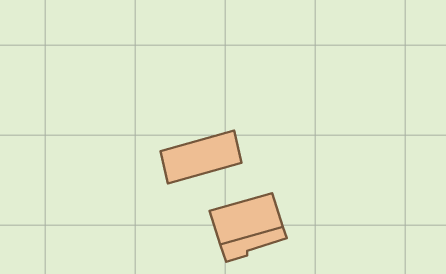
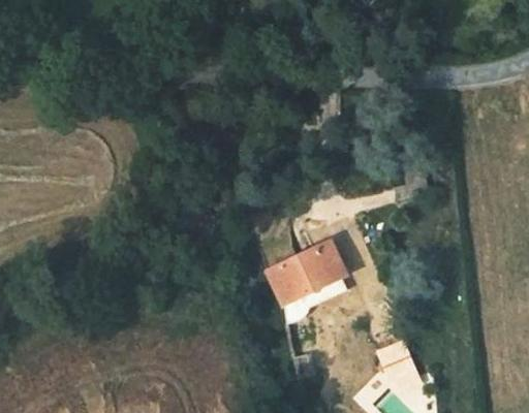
building: [160,130,242,183] -> none

